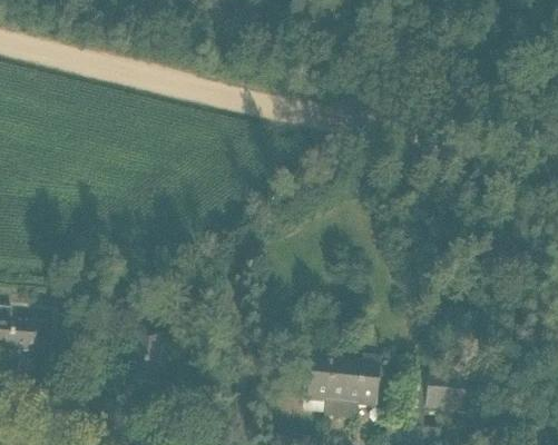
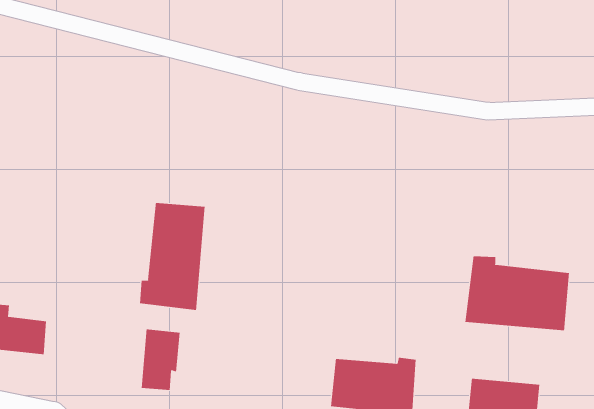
building: none -> [140,202,205,311]
building: none -> [465,255,570,331]

